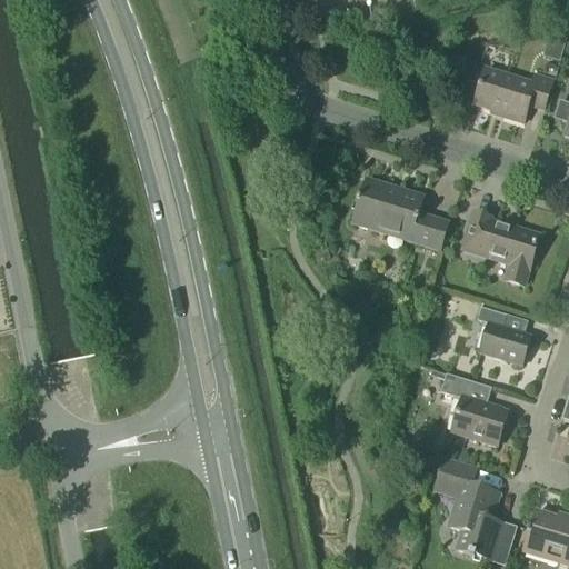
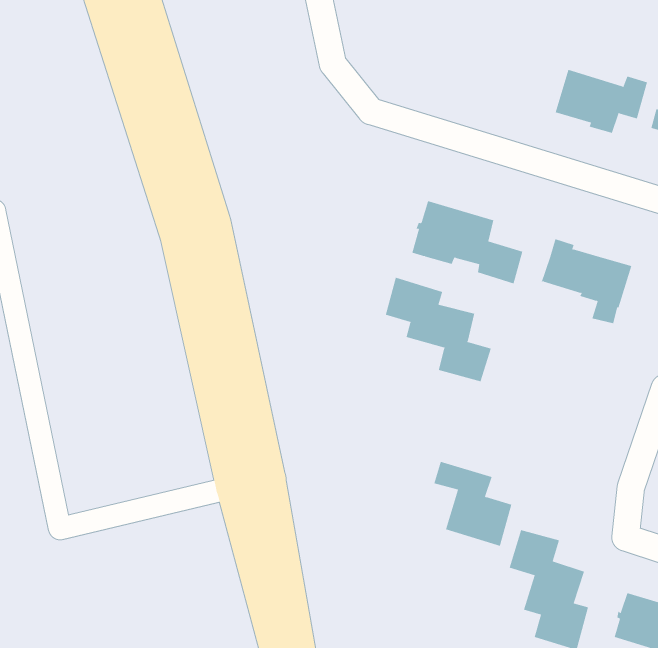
building: none -> [385,277,492,382]
building: [477,306,531,365] -> none
building: [441,372,508,445] -> [433,461,512,546]

